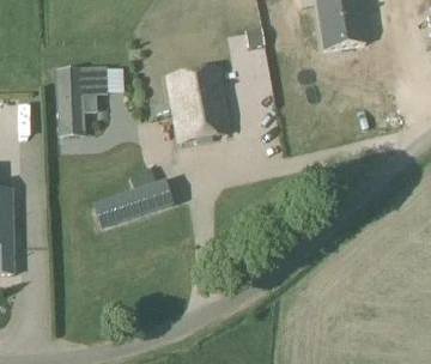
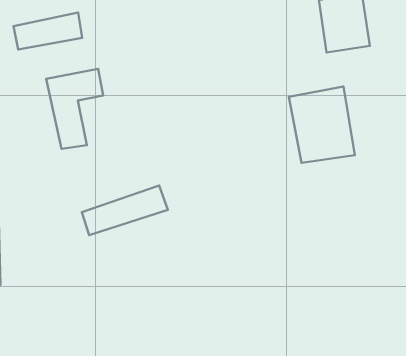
building: none -> [13,13,82,50]
building: [168,66,230,138] -> [289,87,355,163]

